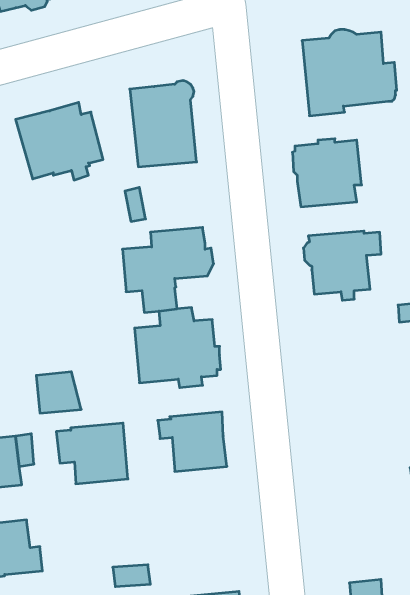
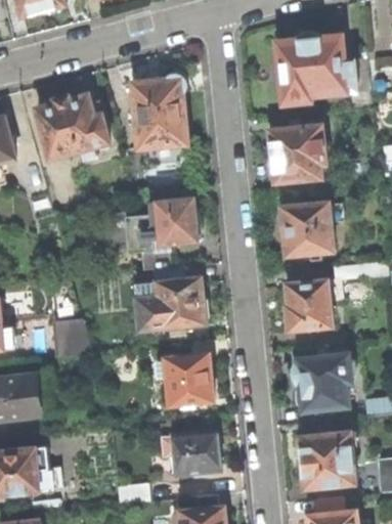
building: none -> [287,278,343,330]
building: none -> [294,352,352,409]
building: [56,423,128,484] -> [160,429,220,480]
building: none -> [296,431,355,486]

